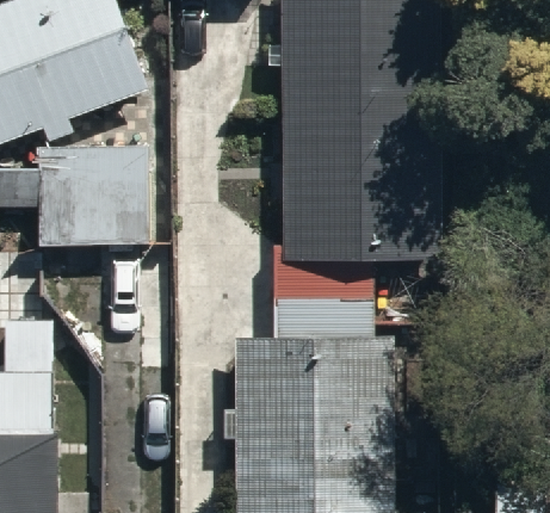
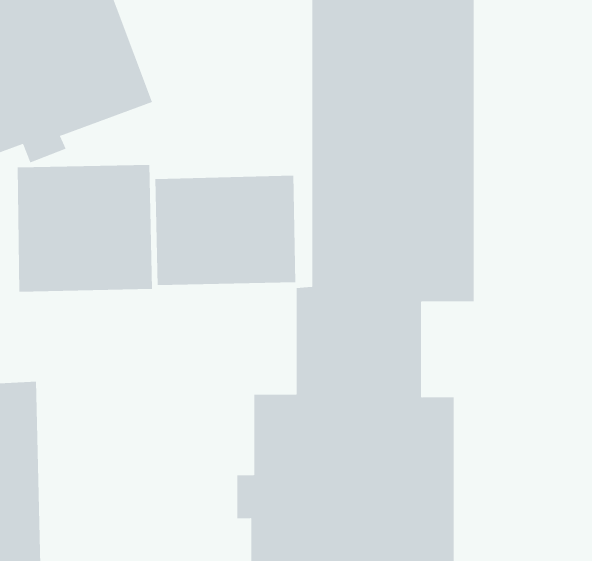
building: none -> [155,175,296,286]

